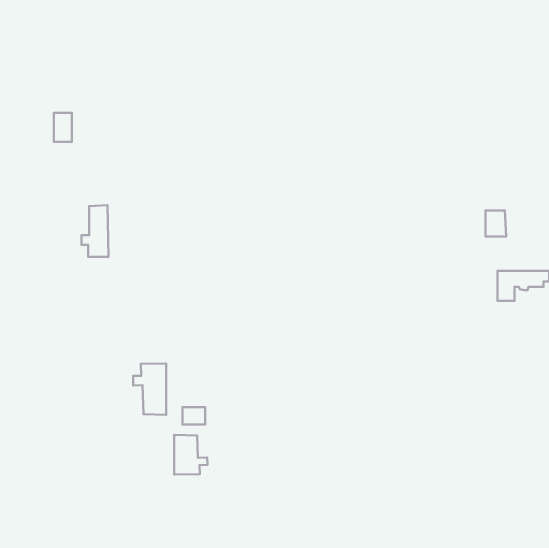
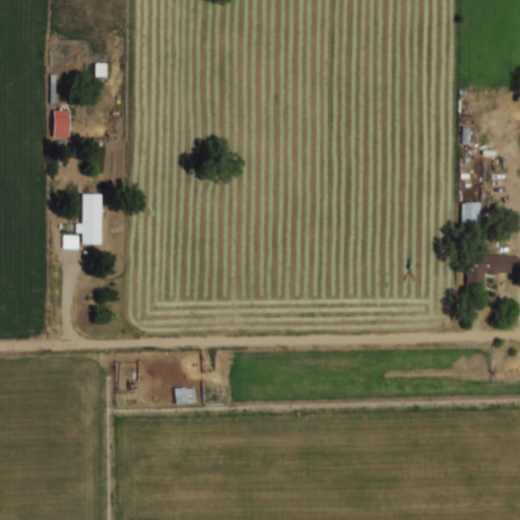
building: [133,364,166,415] -> none
building: [174,435,208,474] -> none

